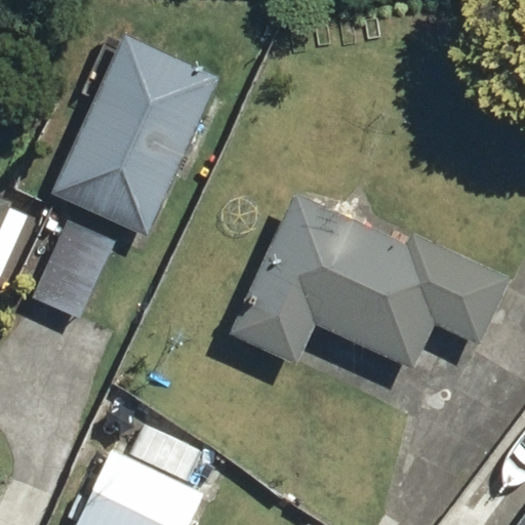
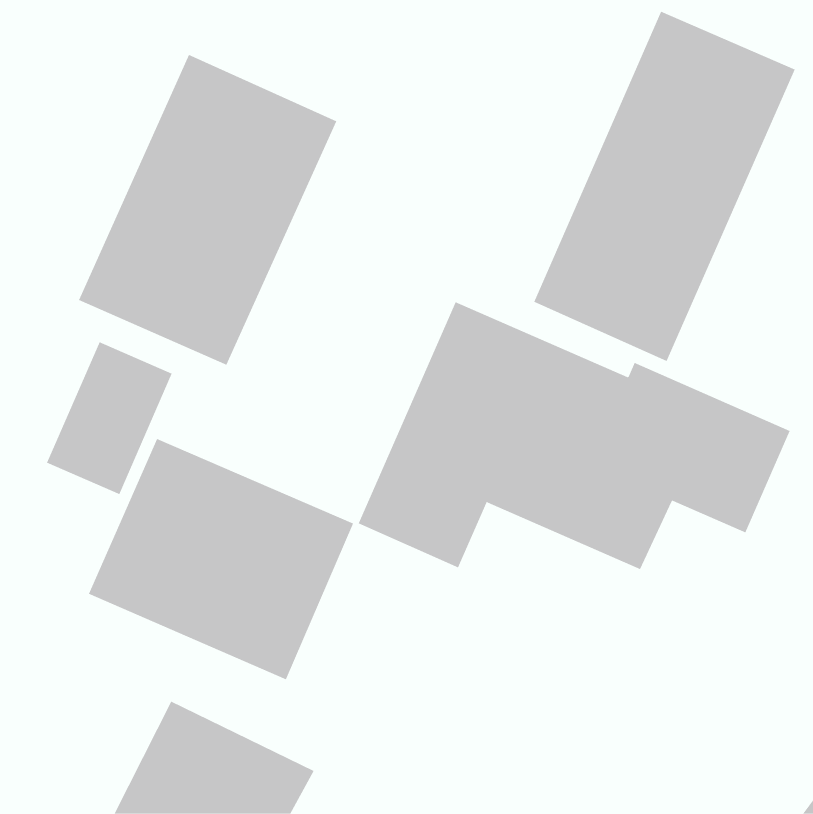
building: none -> [534,11,795,362]
building: none -> [88,438,354,680]

